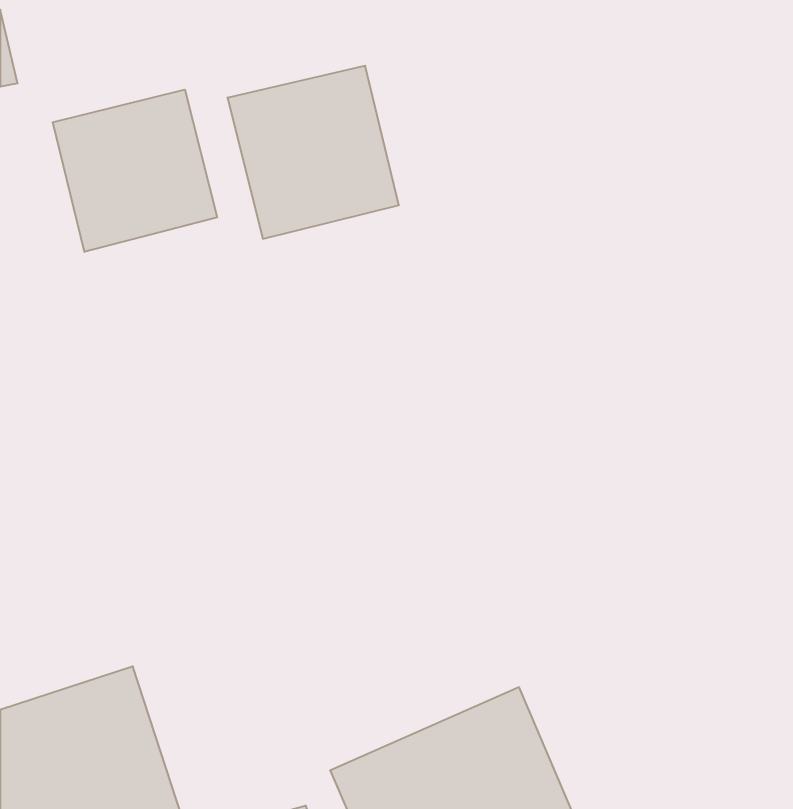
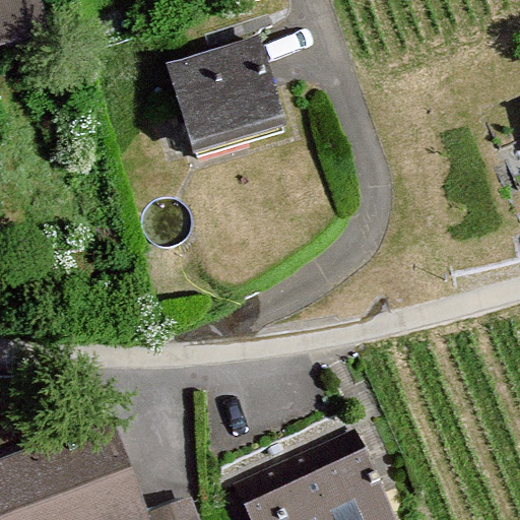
building: [53,90,217,252] -> none

